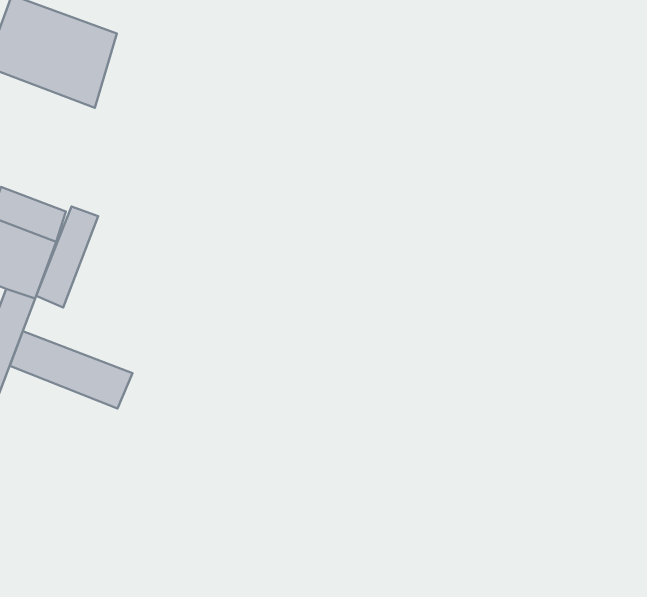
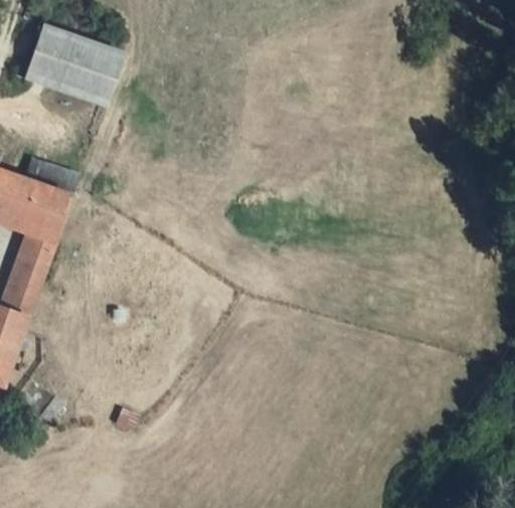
building: [36,206,98,307] -> none
building: [10,331,132,408] -> none

